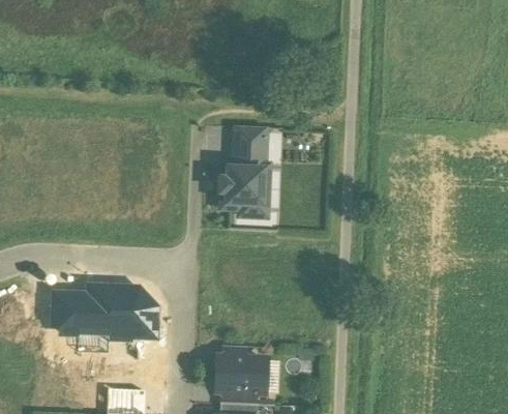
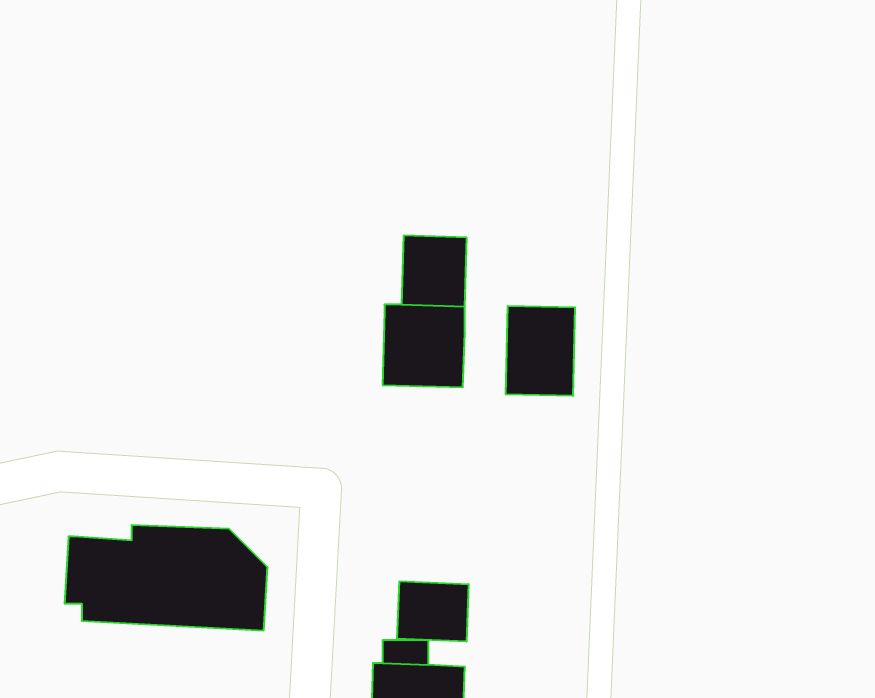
building: none -> [506,306,575,396]
building: none -> [397,581,469,642]

